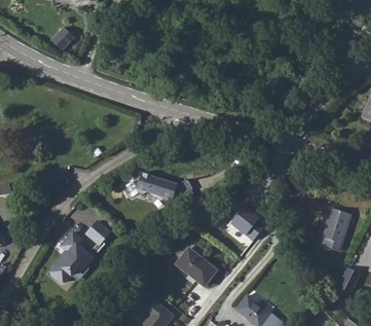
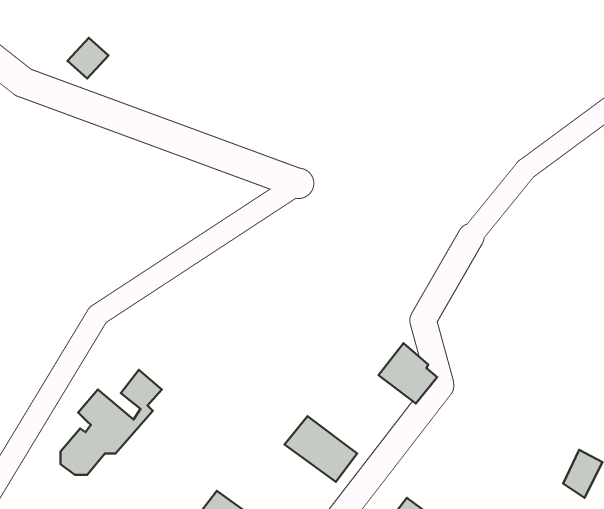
building: [131,176,191,205] -> none
building: [323,208,351,251] -> none

